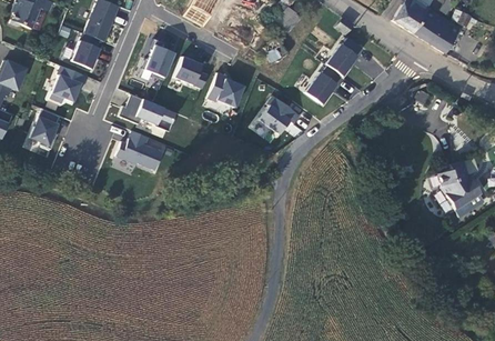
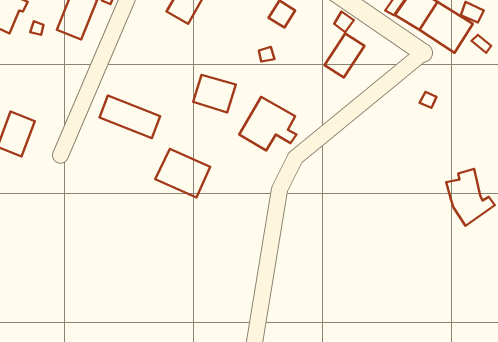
building: [71,38,102,69] -> none
building: [143,42,175,79] -> none
building: [173,54,208,87] -> none
building: [49,64,85,107] -> none
building: [305,69,339,103] -> none
building: [117,128,166,172] -> [155,149,210,197]

